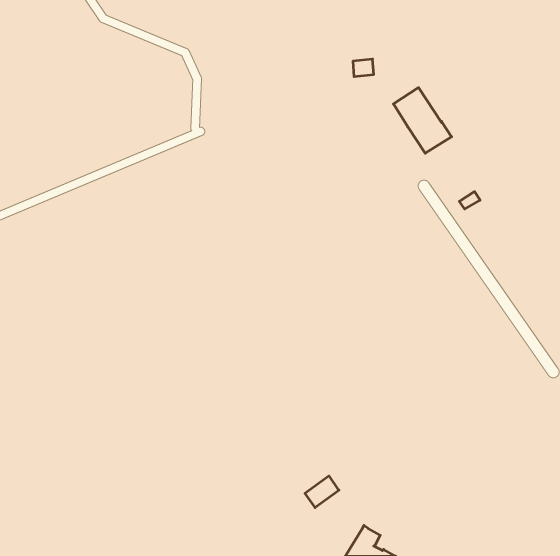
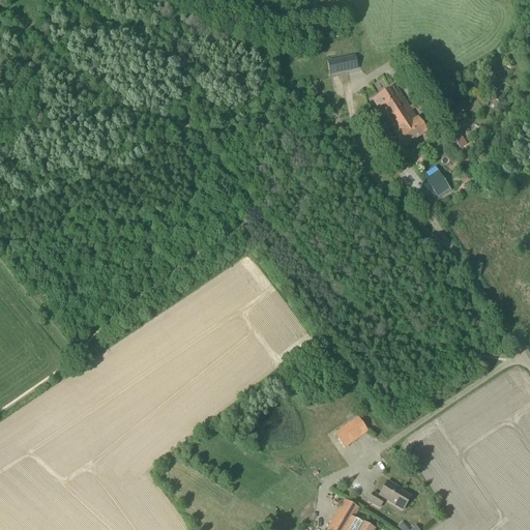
building: [305,476,339,508] -> [334,416,366,446]
building: none -> [367,479,410,508]

